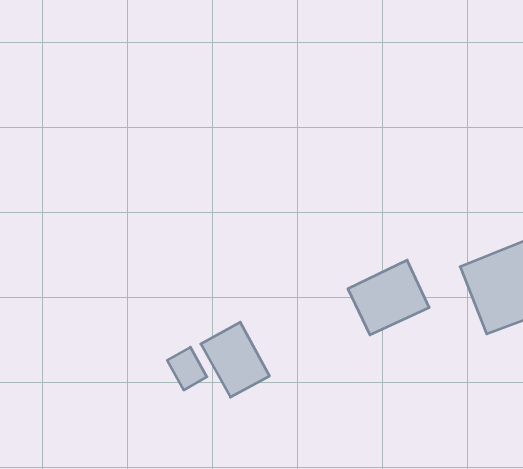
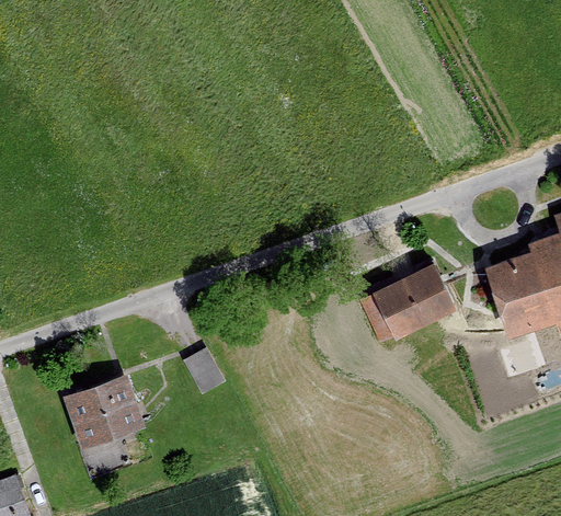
building: [201,322,269,397] -> none
building: none -> [62,376,145,447]

